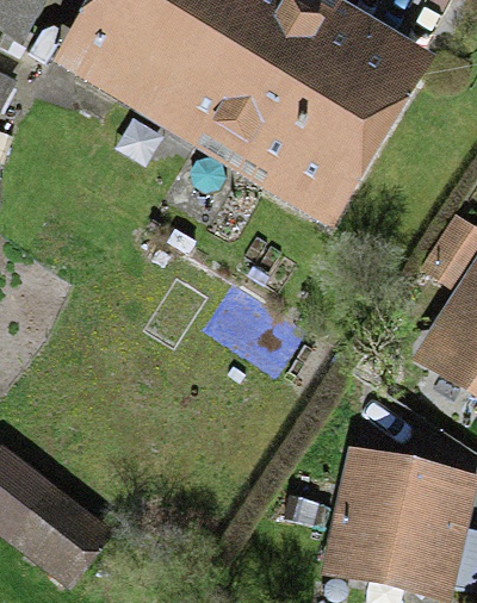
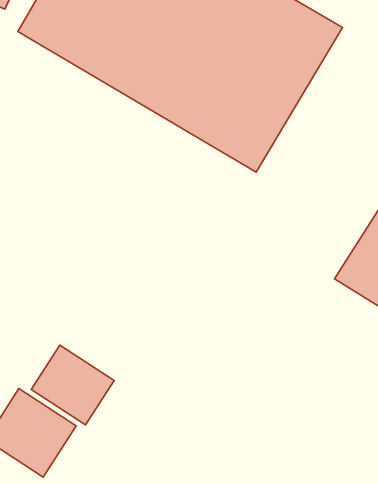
building: none -> [31,345,114,425]
building: [332,456,463,584] -> none

